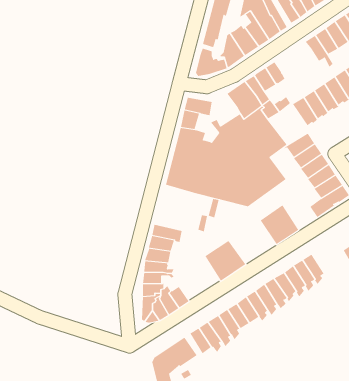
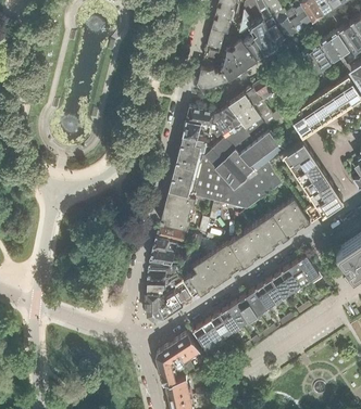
building: none -> [211,106,239,137]
building: none -> [160,192,195,232]
building: none -> [279,201,310,234]
building: none -> [229,226,273,267]
building: none -> [183,259,221,301]

